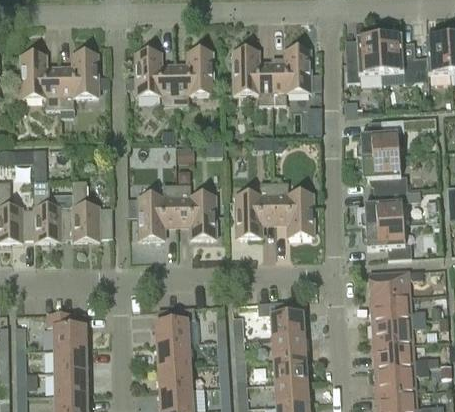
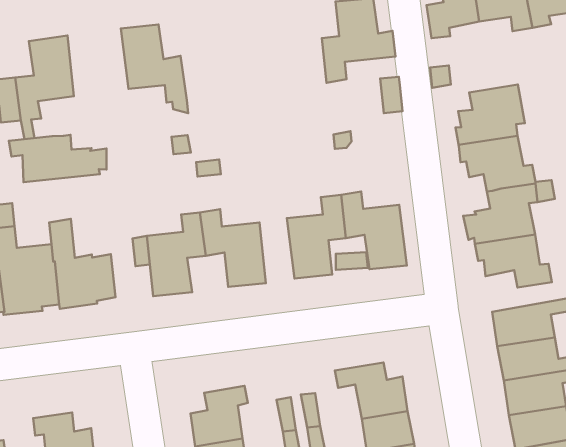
building: [232,50,272,104] -> none
building: [174,51,214,106] -> none
building: none -> [9,135,106,182]

